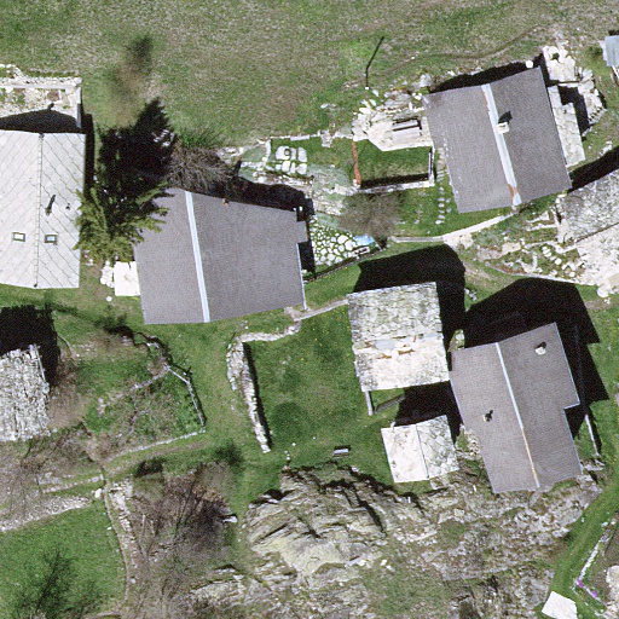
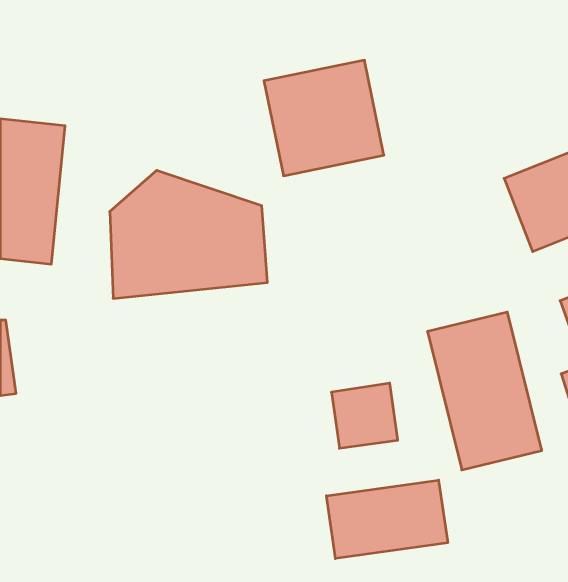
building: [426,81,553,203] -> [264,60,384,176]
building: [366,289,458,397] -> none
building: none -> [326,480,448,559]

